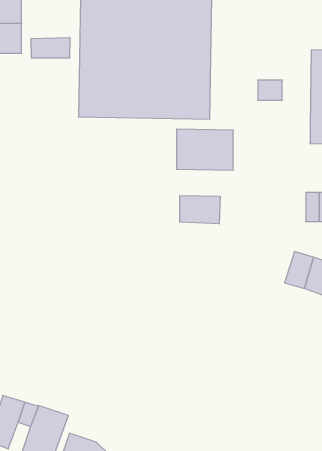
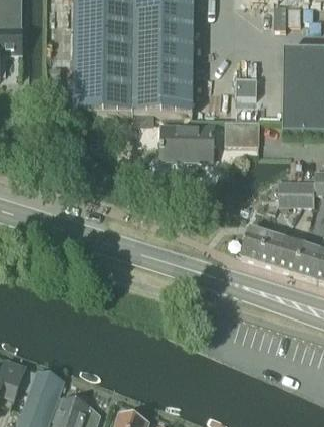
building: [31,37,70,58] -> none
building: none -> [224,118,259,143]
building: [180,196,220,224] -> none
building: none -> [241,225,268,259]

